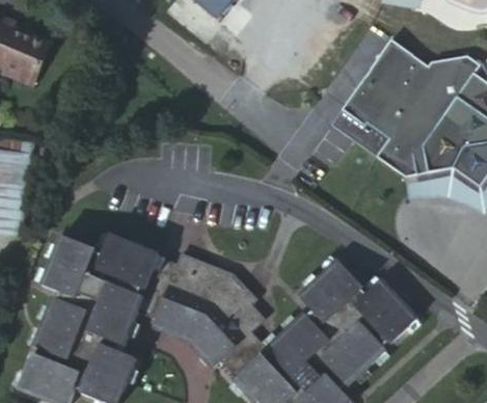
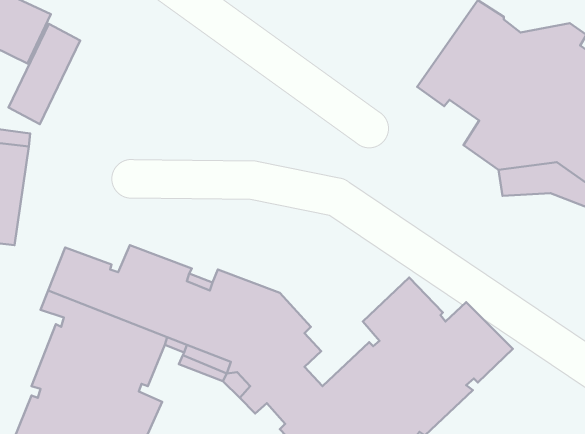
building: none -> [8,24,80,124]

